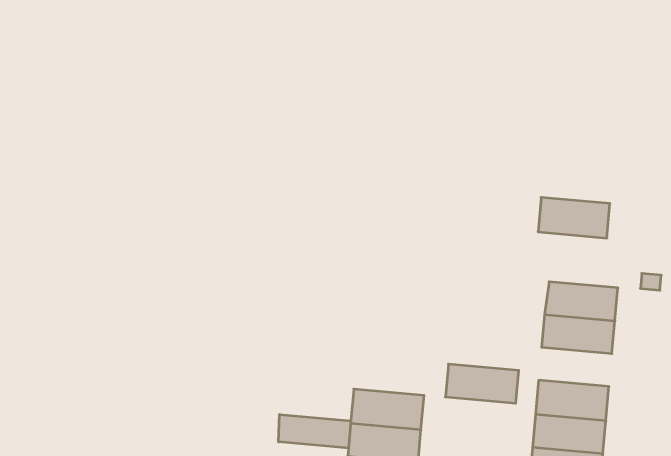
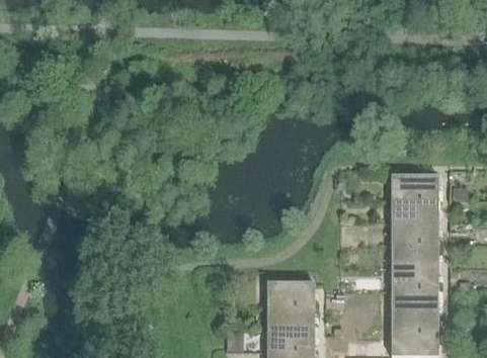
building: [538,197,610,238] -> [392,176,438,199]
building: [445,364,519,403] -> [391,244,438,266]
building: [279,414,351,448] -> none

